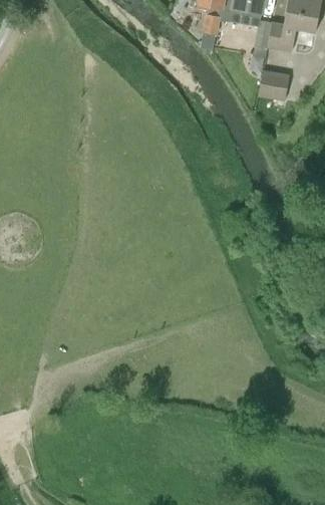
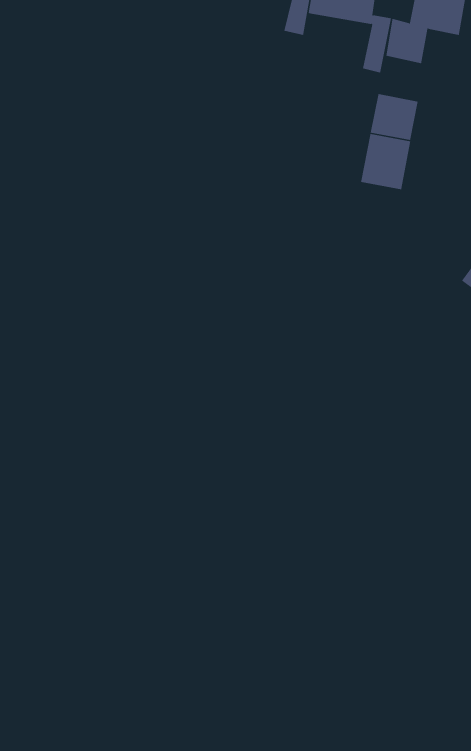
building: none -> [361,133,411,190]

